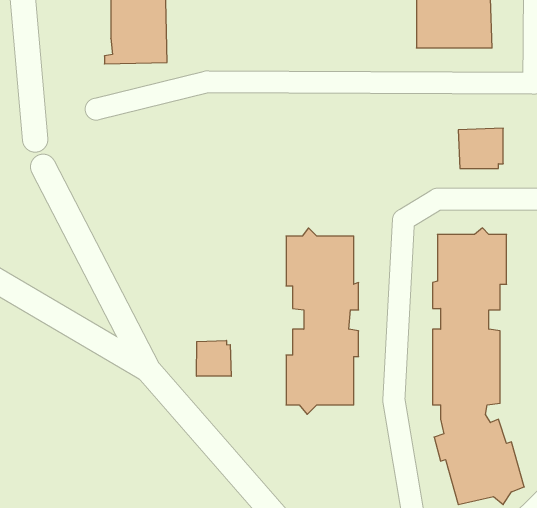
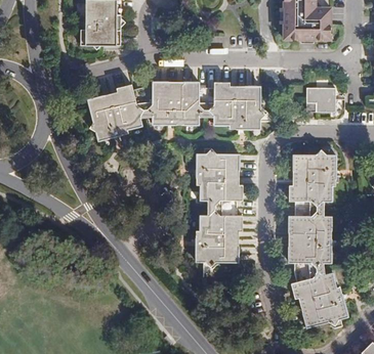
building: none -> [88,82,266,140]
building: [197,340,231,376] -> none

